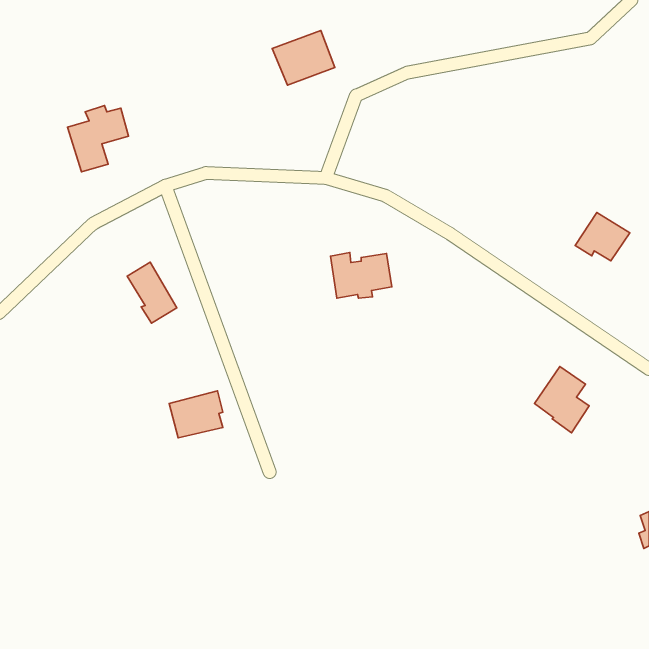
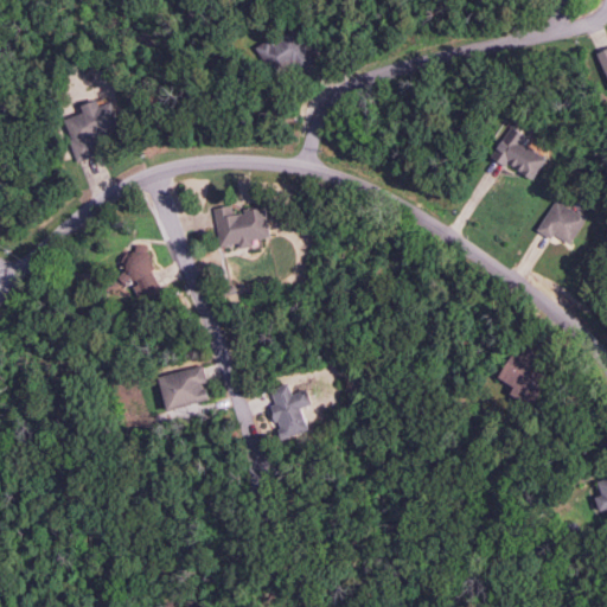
building: none -> [492,127,547,180]
building: [331,252,392,298] -> [213,205,270,248]
building: none -> [270,383,312,440]

